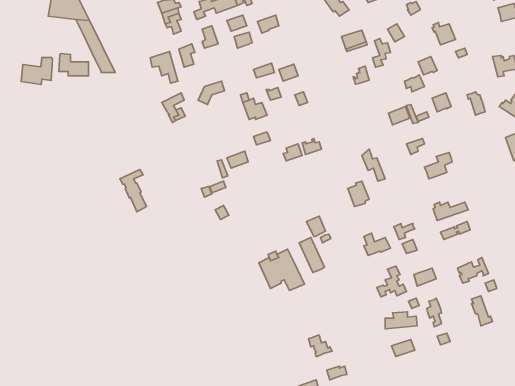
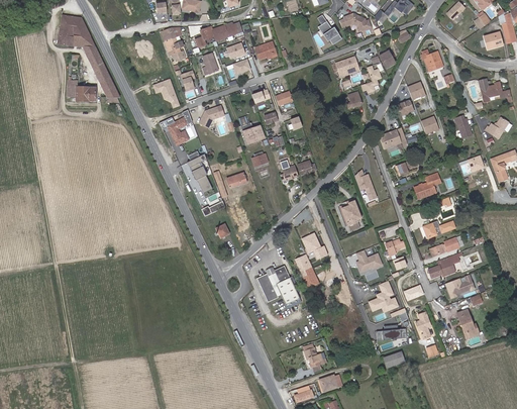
building: [21,58,53,84] -> none
building: [120,169,146,212] -> [185,154,210,194]
building: none -> [428,251,462,278]

